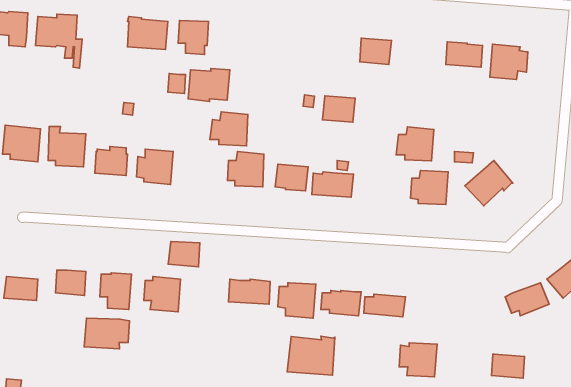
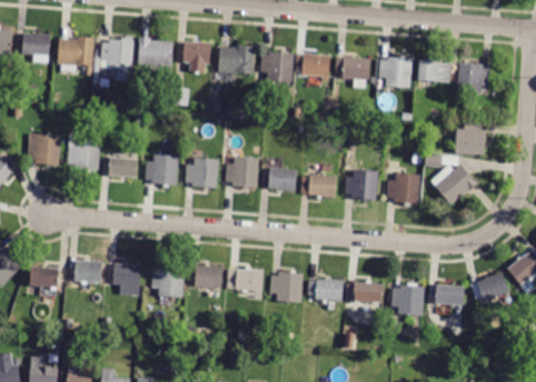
building: none -> [99,37,133,82]
building: none -> [261,51,294,82]
building: none -> [379,57,411,88]
building: [188,69,230,101] -> [218,46,255,74]
building: [322,96,355,122] -> [301,53,330,77]
building: [210,112,248,146] -> [185,158,218,188]
building: none -> [455,122,486,155]
building: [396,127,434,161] -> [345,170,378,200]
building: [168,242,200,267] -> [195,267,222,289]
building: [84,318,129,349] -> none
building: [287,336,335,375] -> none
building: [399,343,437,377] -> [391,285,425,315]
building: [492,354,524,378] -> [435,284,464,305]

